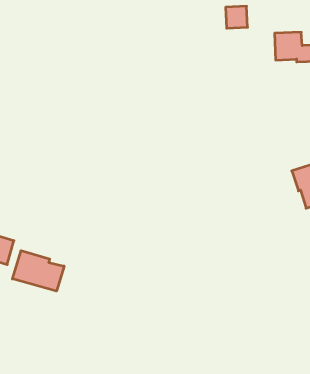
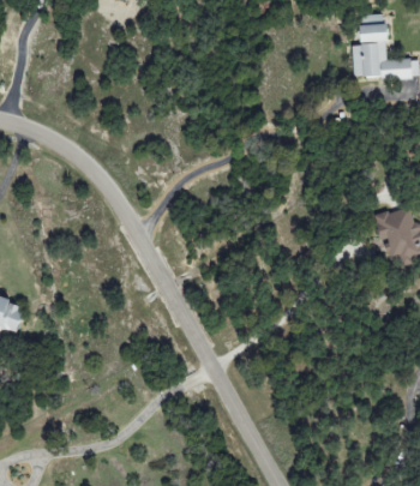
building: [226,6,248,28] -> [359,14,386,42]
building: [12,251,64,291] -> none

